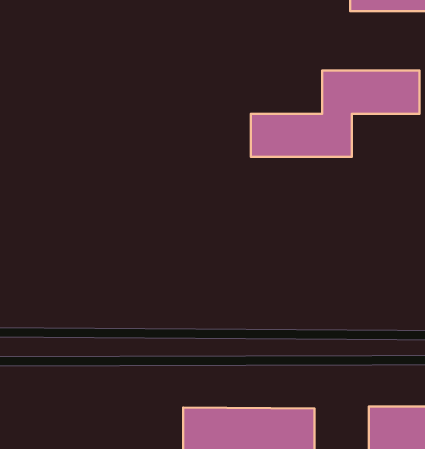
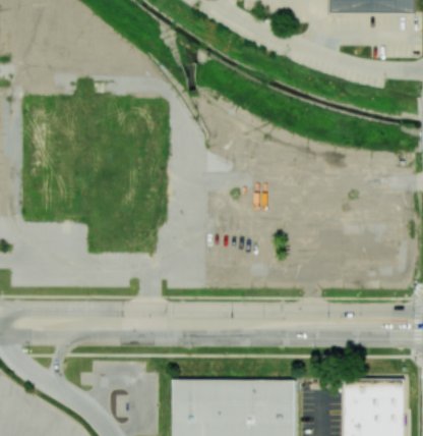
building: [251,71,420,157] -> none

